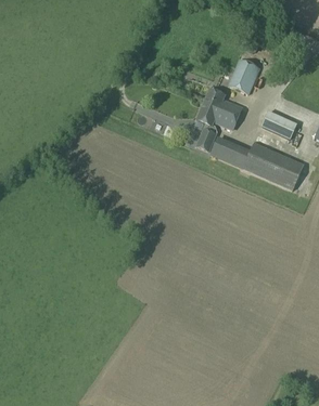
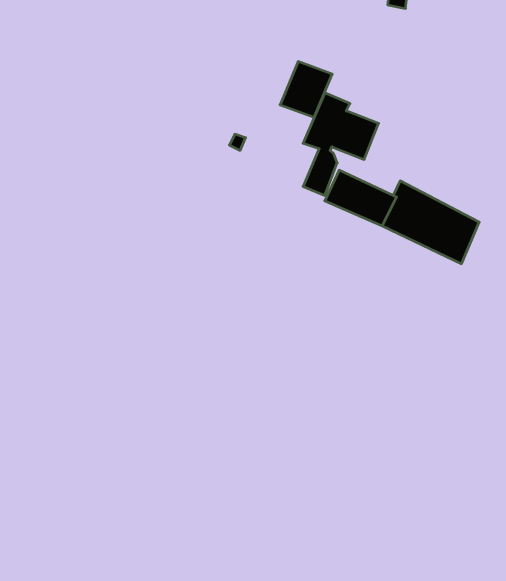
building: [228,60,259,93] -> [280,62,332,117]
building: [261,112,296,140] -> none

